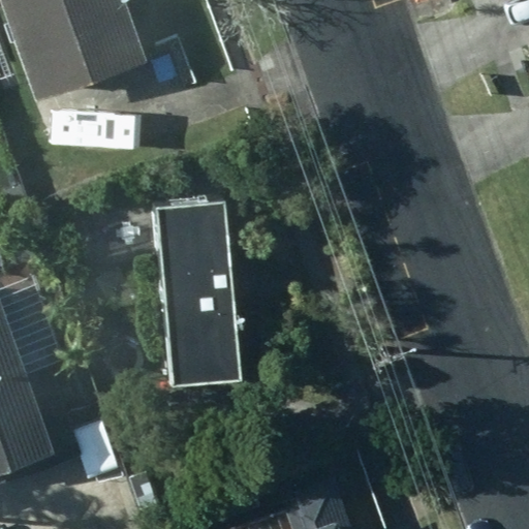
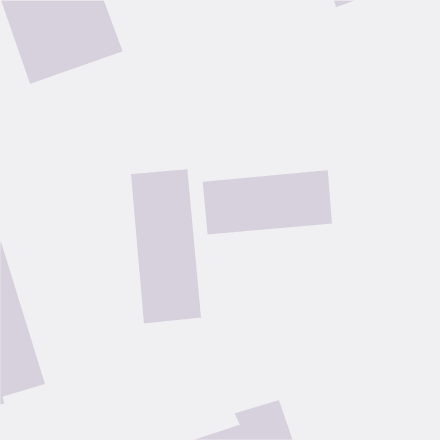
building: none -> [202,170,333,235]

